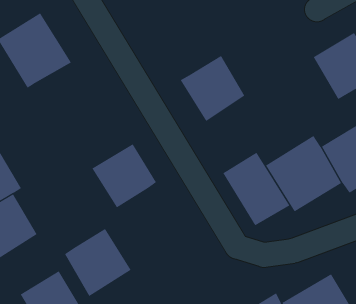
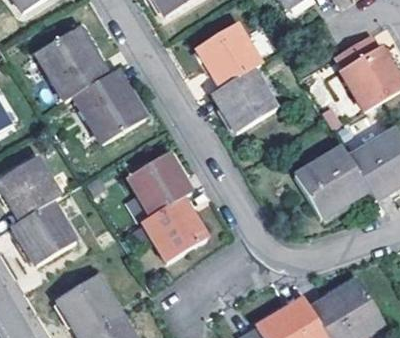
building: none -> [197,23,261,87]
building: none -> [73,69,145,143]
building: [223,152,290,226] -> none
building: [64,228,132,297] -> [142,196,207,262]

